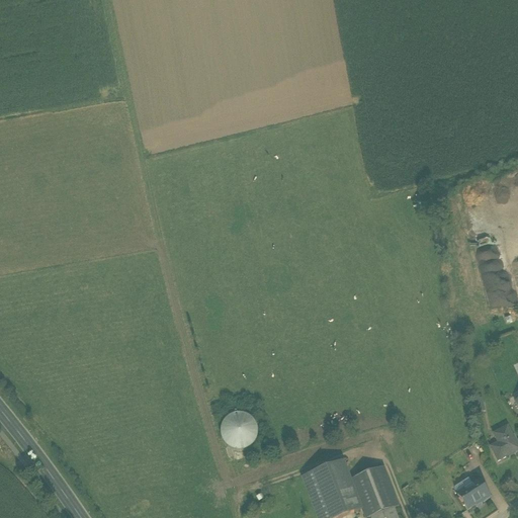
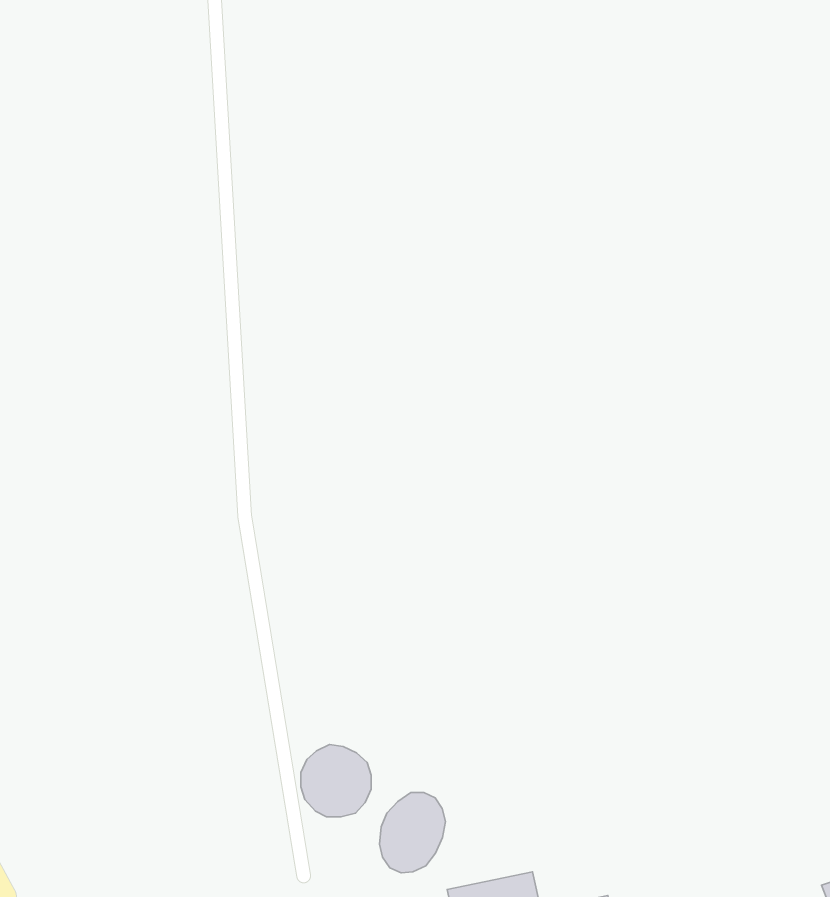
building: none -> [379,792,446,873]

